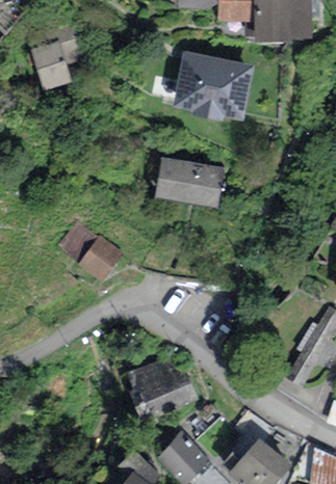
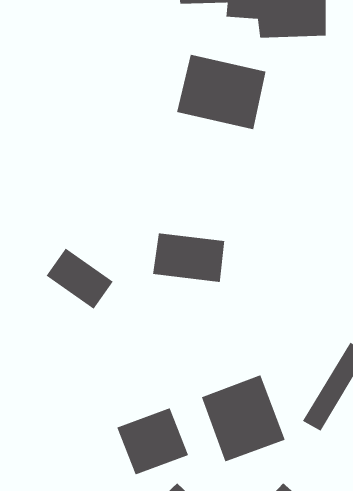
building: [32,28,85,89] -> none
building: [155,155,219,199] -> [152,232,225,283]
building: none -> [201,374,286,463]

